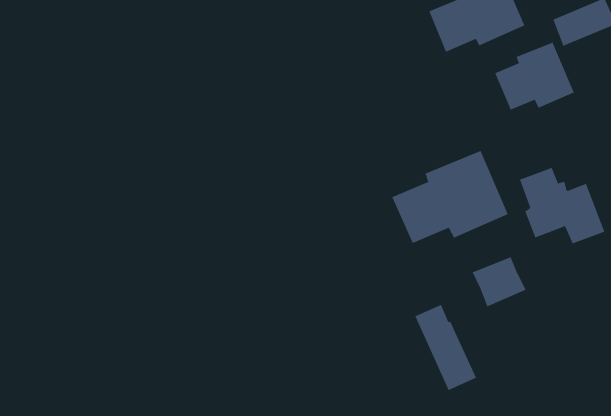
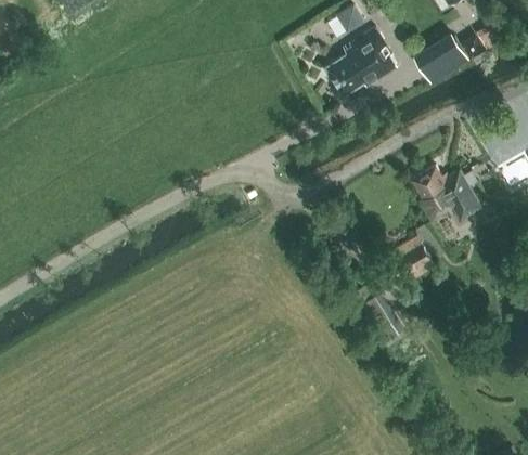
building: [494,42,574,110] -> none
building: [391,150,509,244] -> none

